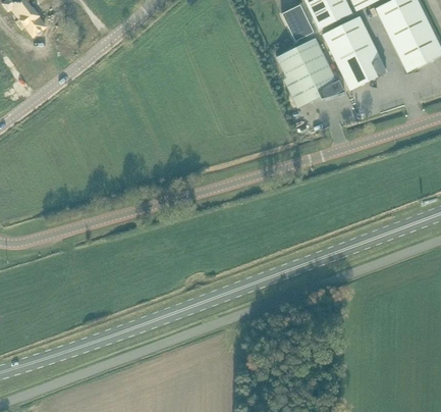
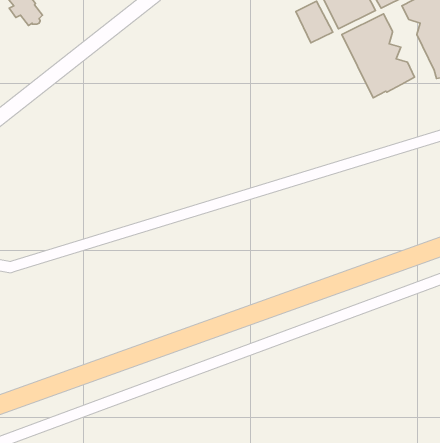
building: [276,37,344,107] -> none

